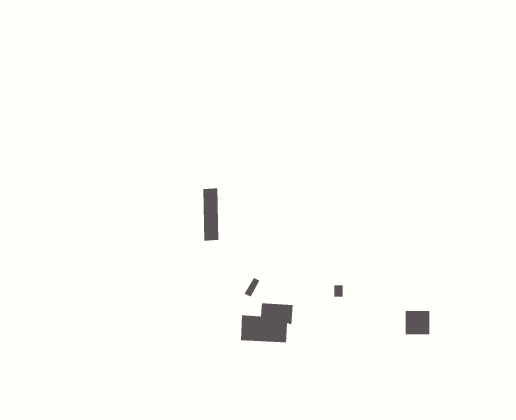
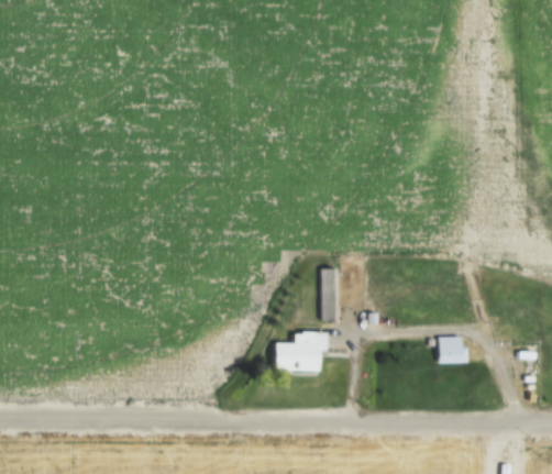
building: [203,188,219,241] -> [320,267,336,320]

